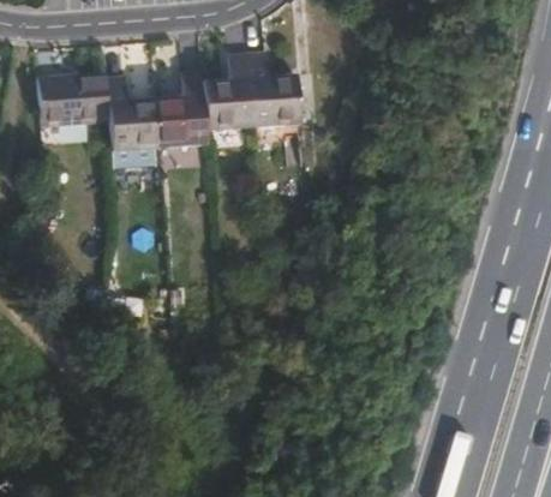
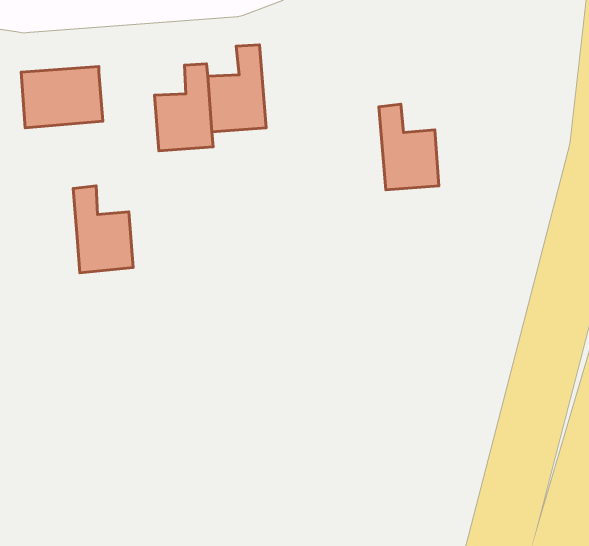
building: [248,52,301,127] -> [379,104,439,190]
building: [107,76,160,152] -> [73,186,133,273]

